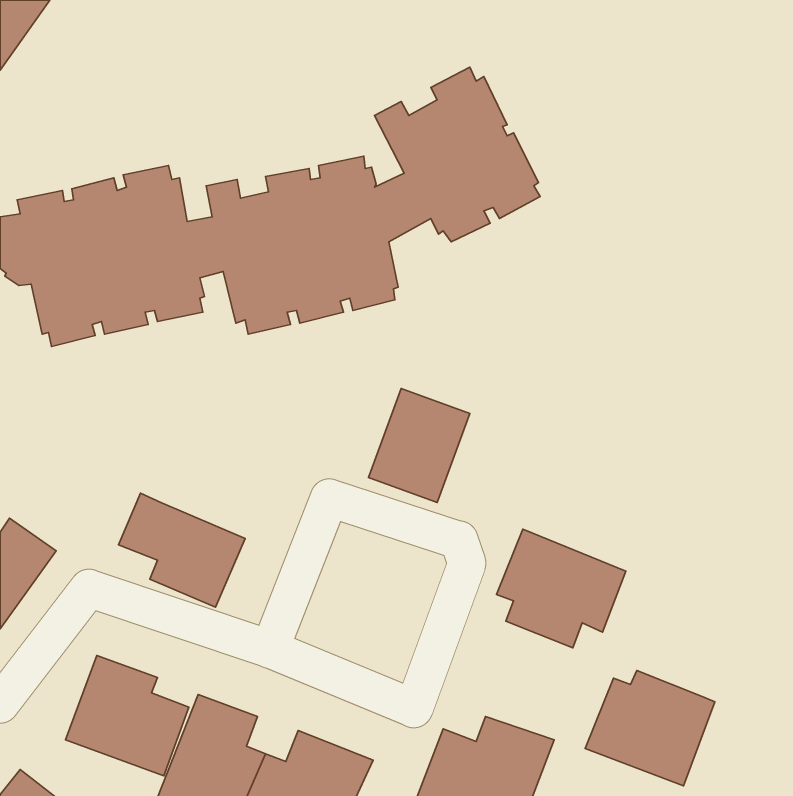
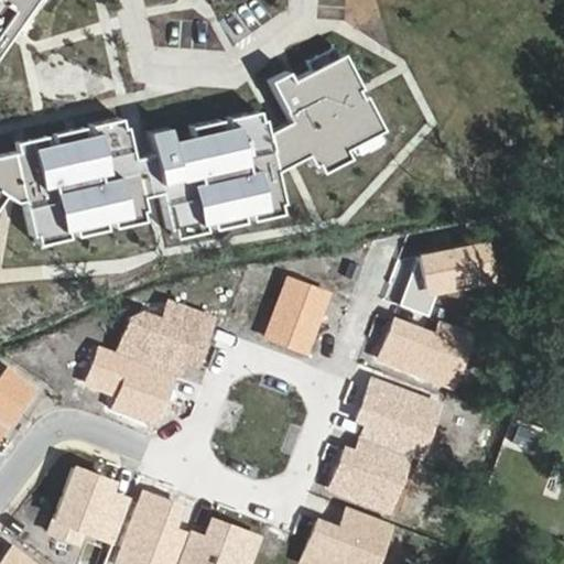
building: none -> [398,240,501,316]
building: none -> [117,301,217,381]
building: none -> [376,316,478,391]
building: [585,670,715,786] -> [324,440,415,521]

